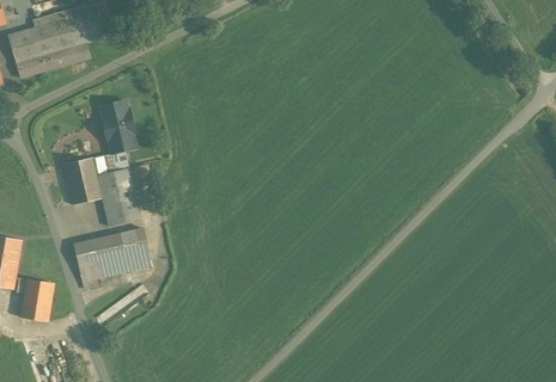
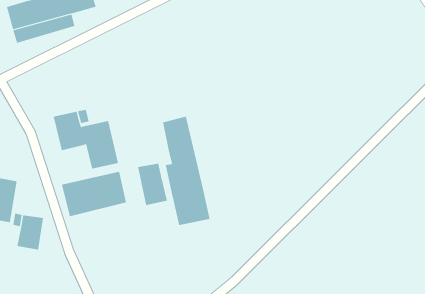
building: [100,100,135,153] -> none
building: none -> [163,116,210,226]
building: none -> [138,163,168,206]

